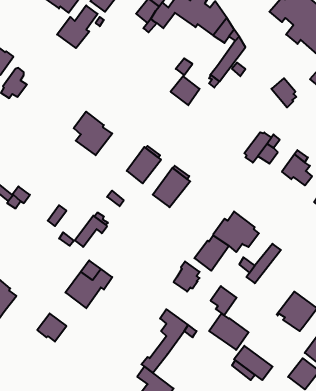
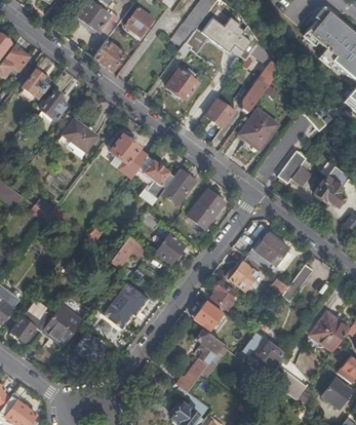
building: none -> [166,68,199,100]
building: none -> [241,111,278,149]
building: none -> [63,118,96,151]
building: none -> [137,155,174,198]
building: none -> [156,234,185,263]
building: none -> [42,305,80,343]
building: [211,286,237,315] -> [196,301,222,330]

